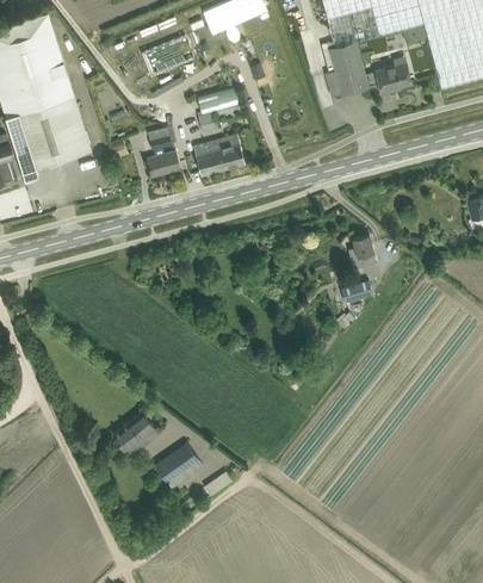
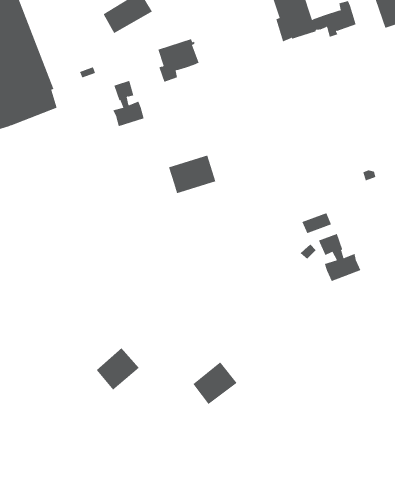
building: [193,134,243,173] -> [168,155,216,194]
building: [347,232,376,267] -> none
building: none -> [318,233,361,282]
building: [155,441,203,486] -> [193,361,237,405]

